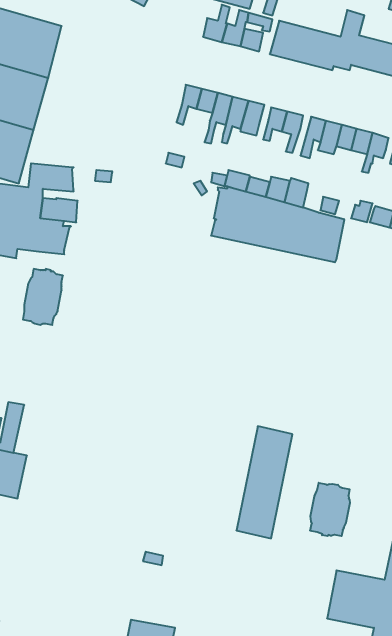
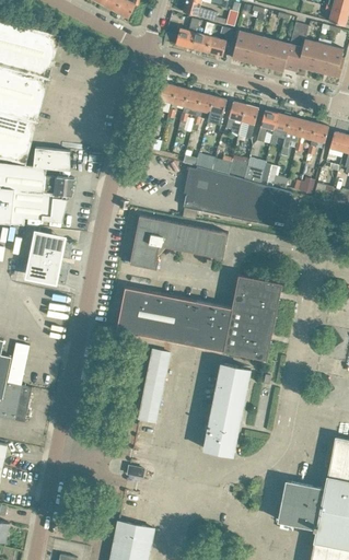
building: none -> [129,215,228,268]
building: none -> [116,275,281,360]
building: none -> [138,349,170,422]
building: [310,483,350,536] -> none

